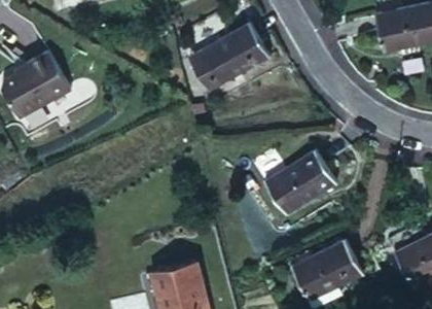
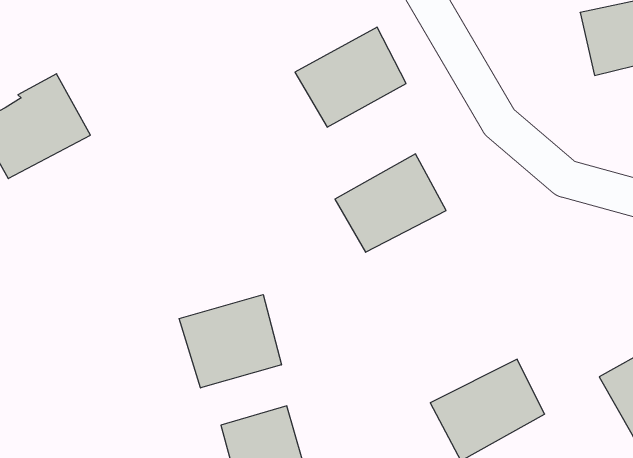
building: [264,148,335,211] -> [335,154,446,252]
building: none -> [179,295,281,388]

